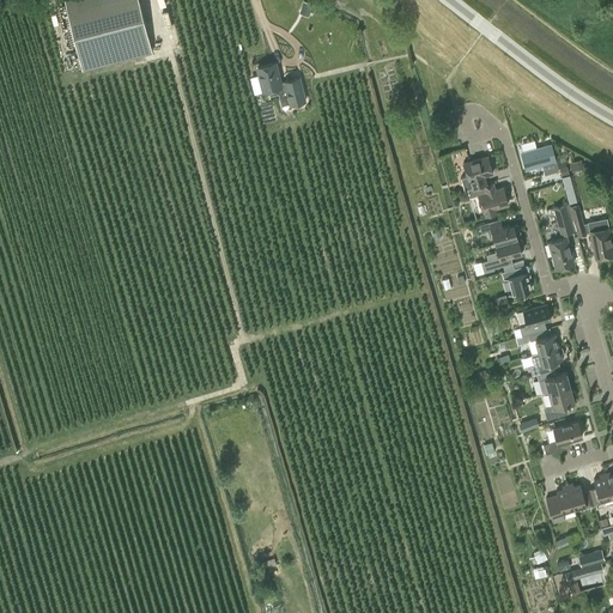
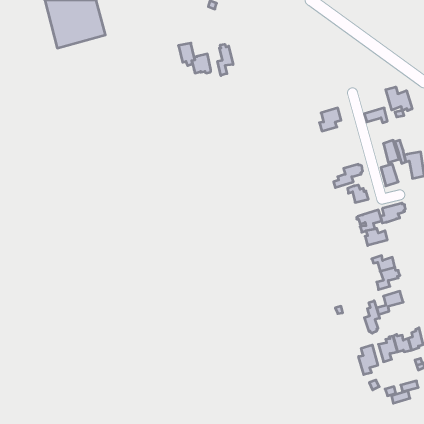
building: none -> [218,44,233,76]
building: none -> [386,87,412,111]
building: [468,183,508,216] -> none
building: [477,219,520,243] -> none
building: [528,346,564,375] -> [381,203,405,223]
building: none -> [364,301,380,333]
building: none -> [359,345,378,375]

